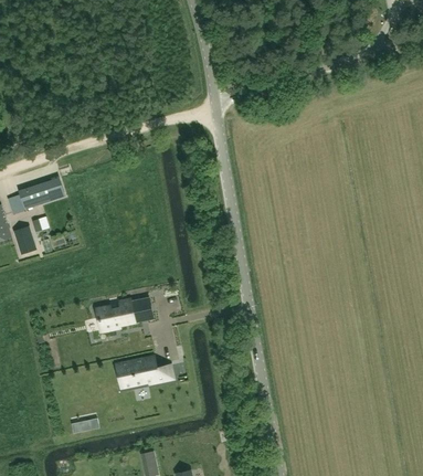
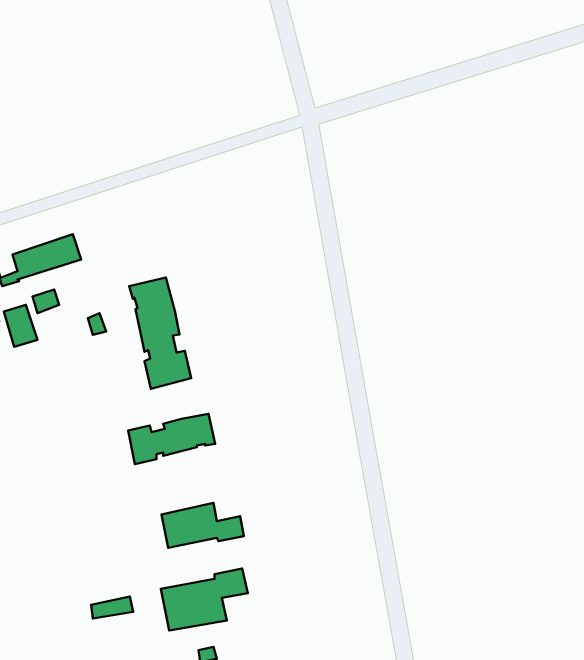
building: none -> [129,278,191,389]
building: none -> [161,569,248,630]

